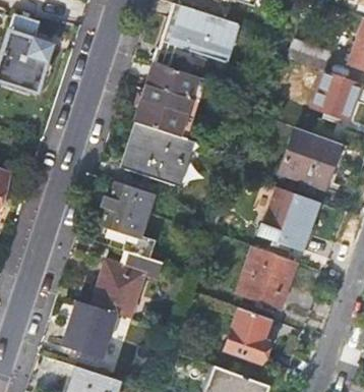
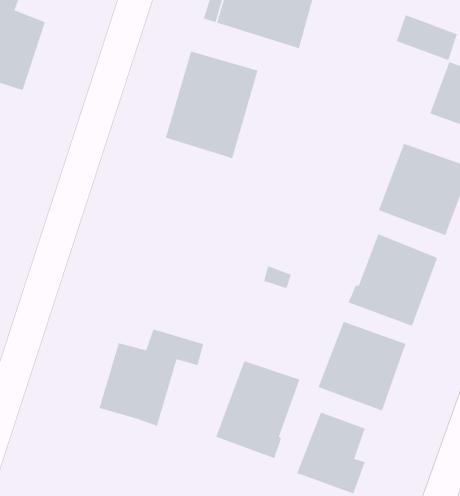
building: [124,124,190,186] -> none
building: [100,182,155,239] -> none
building: none -> [215,360,300,459]
building: [61,301,115,357] -> none

